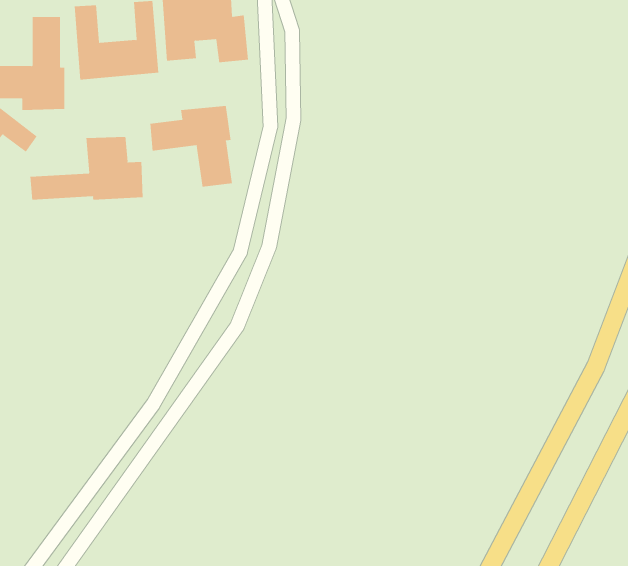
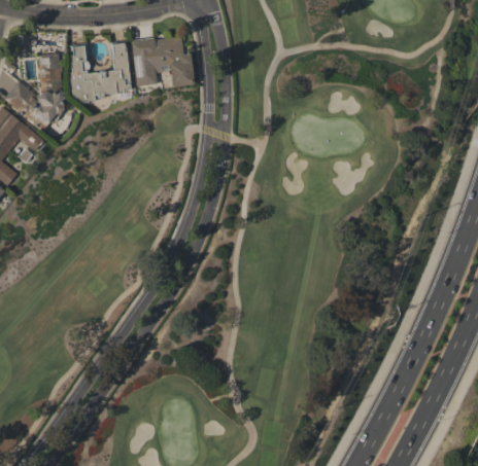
building: [150,105,232,188] -> none
building: [30,136,143,201] -> none

